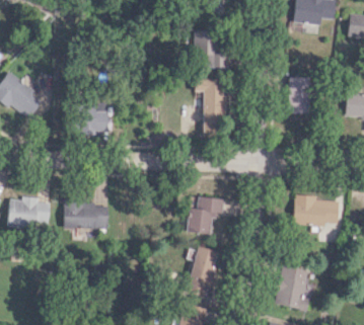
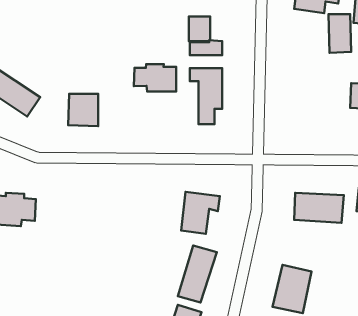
building: none -> [134,64,176,91]
building: [289,77,310,113] -> [329,14,351,53]
building: [63,202,108,229] -> none

